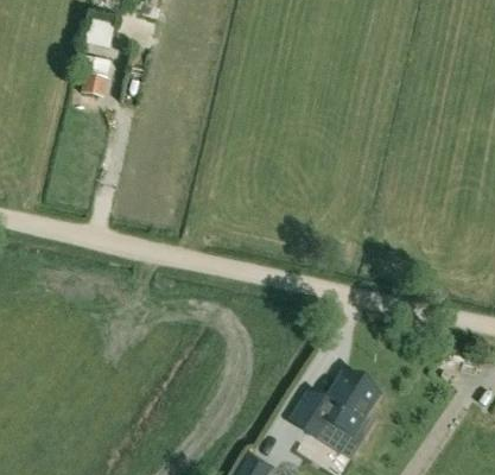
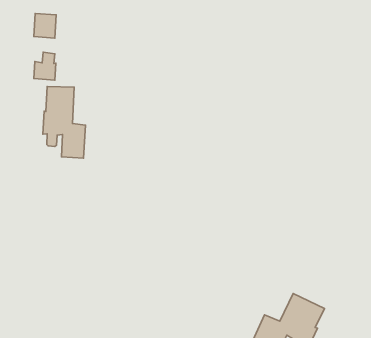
building: none -> [43,86,86,158]

